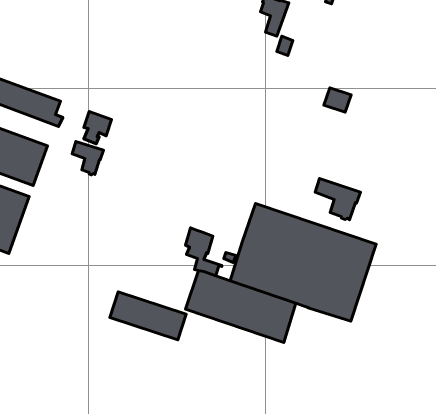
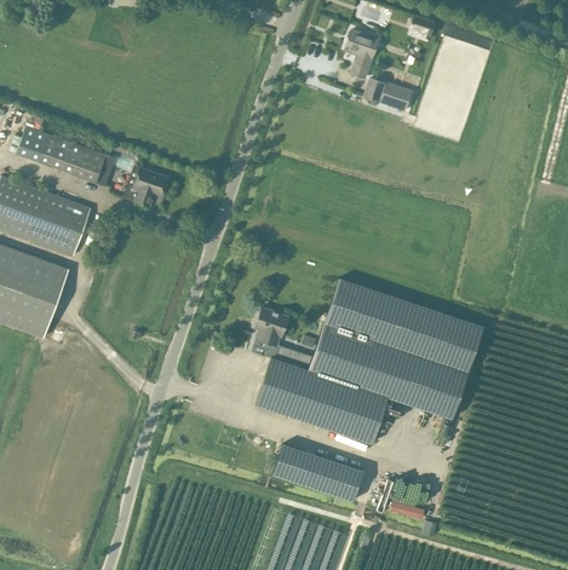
building: [324,88,351,112] -> [379,82,412,111]
building: [72,142,103,175] -> none
building: [315,178,360,220] -> none
building: [110,292,186,340] -> [272,444,363,501]

